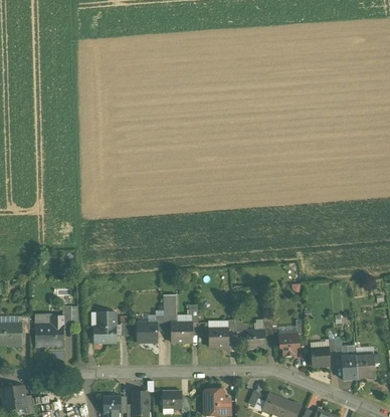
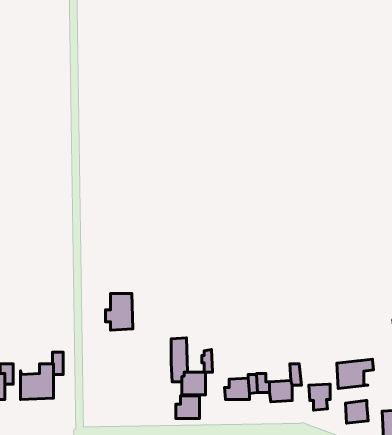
building: [93,311,117,343] -> [106,293,133,330]
building: none -> [337,359,374,388]
building: [137,323,157,342] -> [176,396,199,418]

